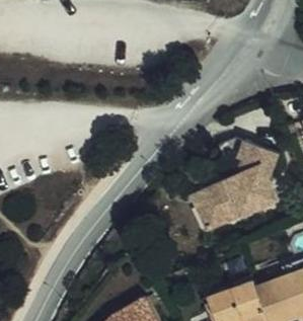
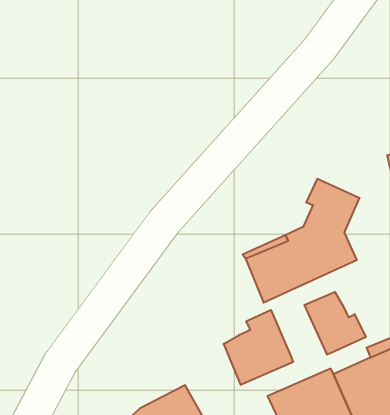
building: none -> [304,292,366,355]
building: none -> [224,310,293,385]

